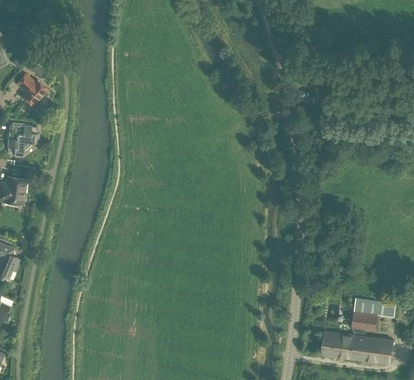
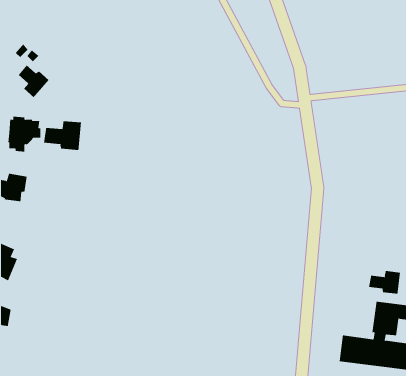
building: none -> [44,120,81,151]
building: none -> [368,270,401,295]

